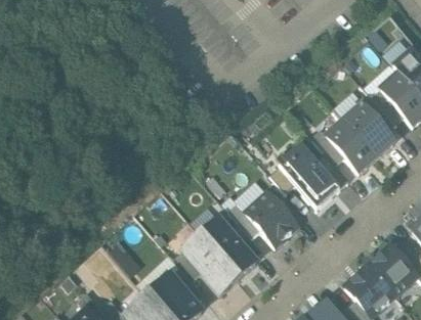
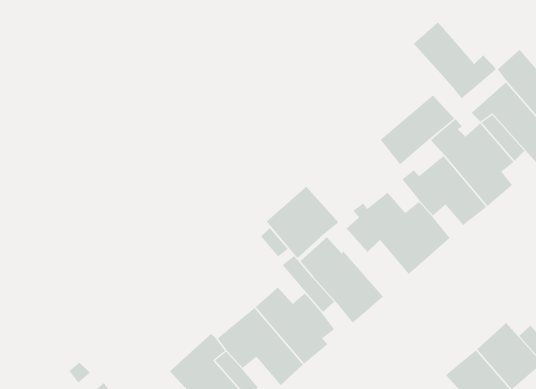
building: none -> [413,21,497,99]
building: none -> [380,95,455,165]
building: none -> [266,186,339,259]

